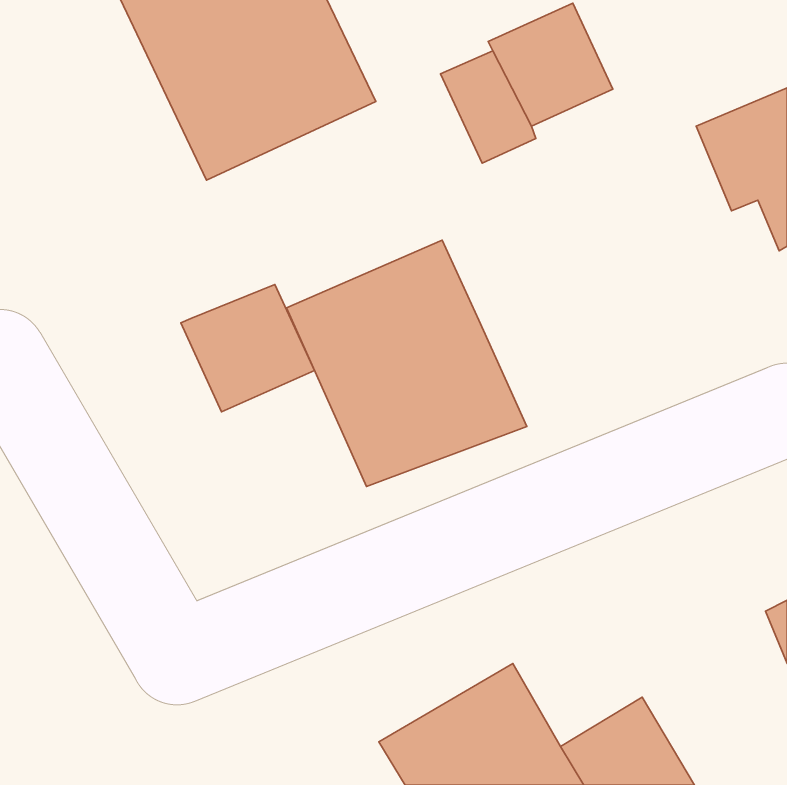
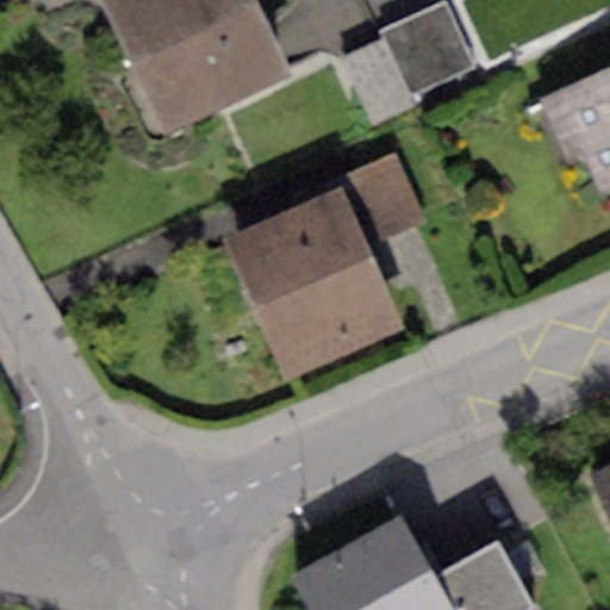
building: none -> [338,150,429,248]
building: [181,284,314,412] -> none

